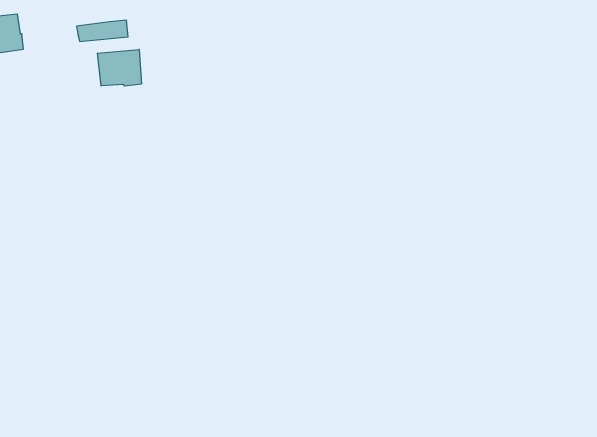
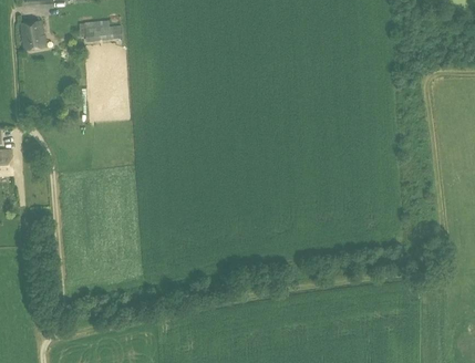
building: [97,49,141,86] -> none

